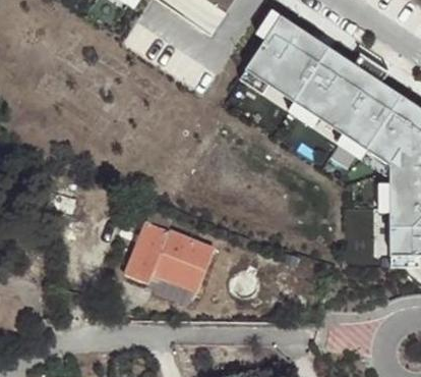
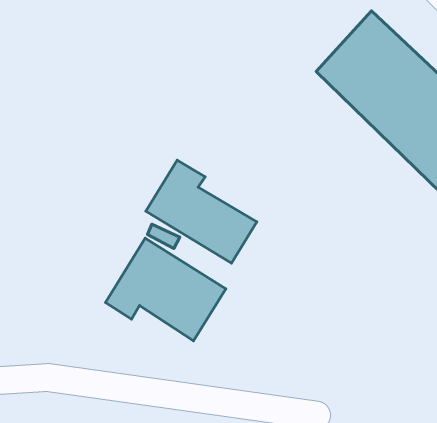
building: none -> [146,160,257,263]

